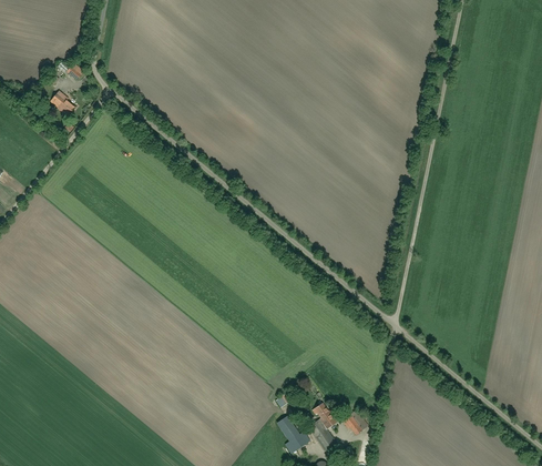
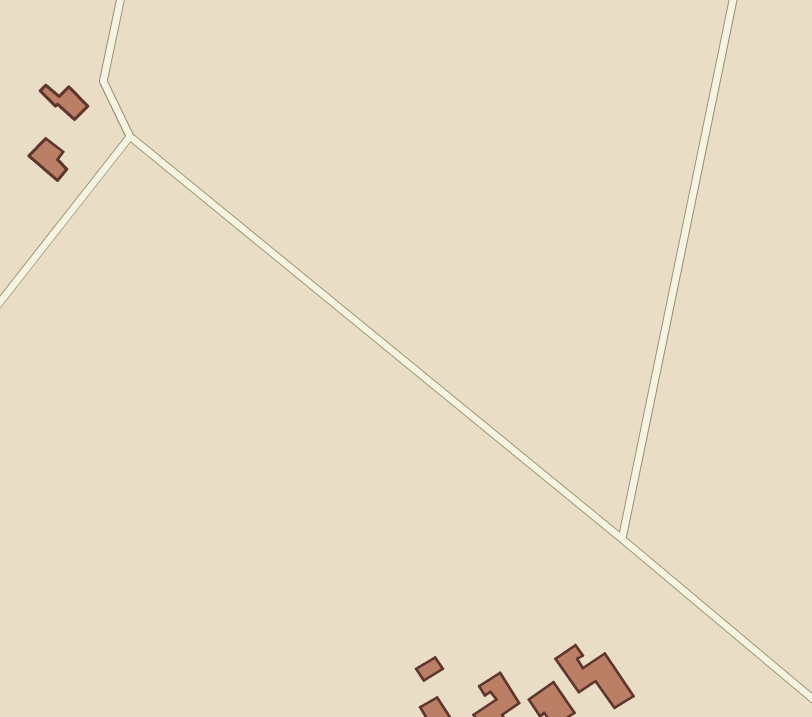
building: none -> [556,645,634,708]

